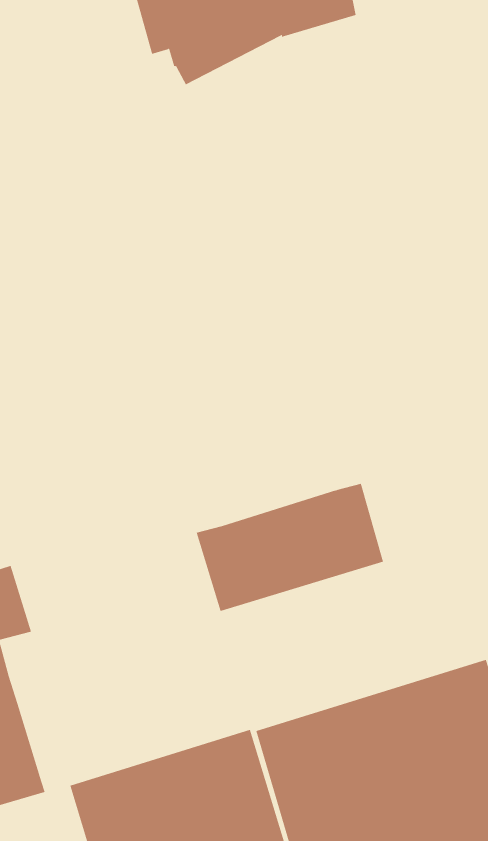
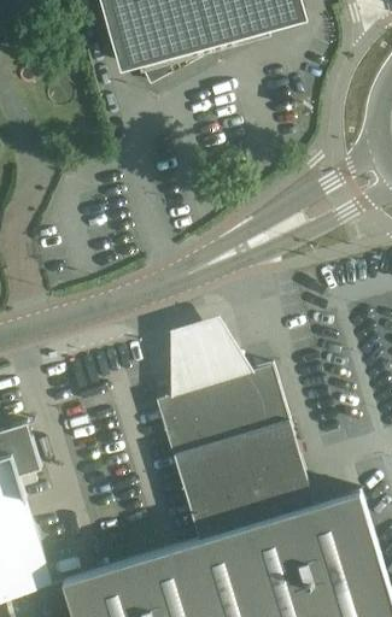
building: none -> [172,312,253,393]
building: none -> [172,418,311,535]

